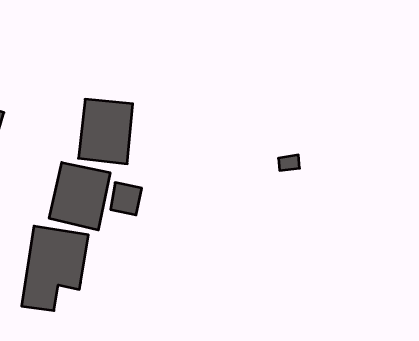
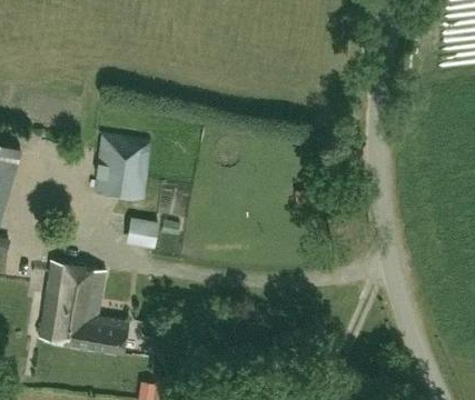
building: [49,162,110,230] -> none
building: none -> [70,318,126,354]

